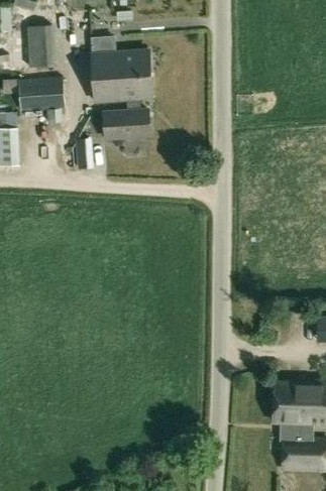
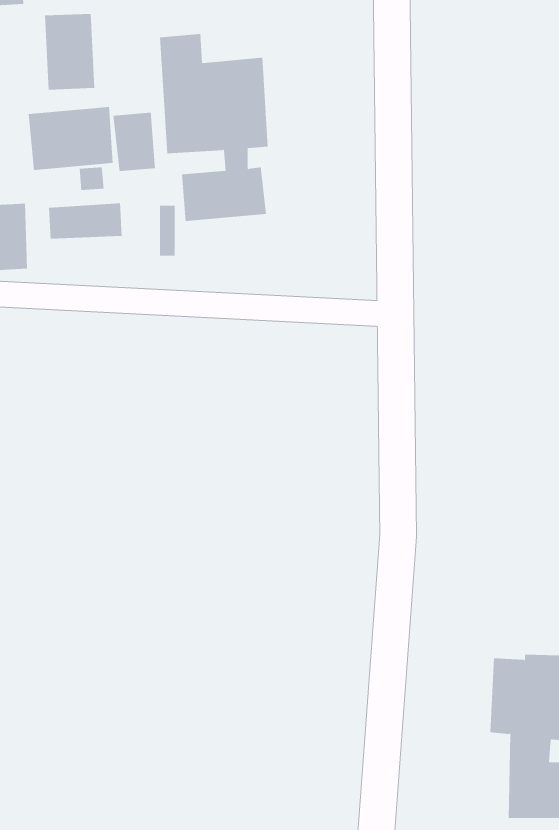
building: none -> [113,112,156,172]
building: none -> [49,202,122,240]

